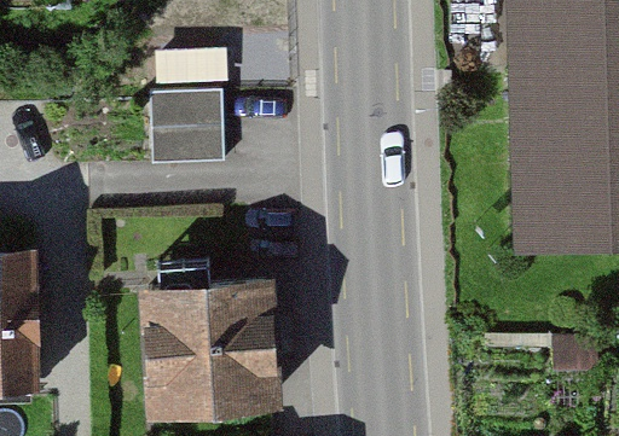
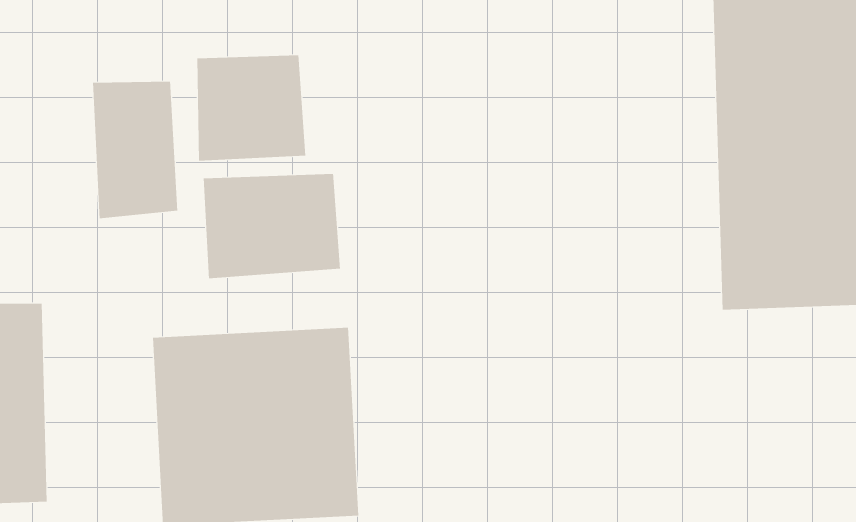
building: none -> [93,81,178,219]
building: none -> [203,173,340,279]

